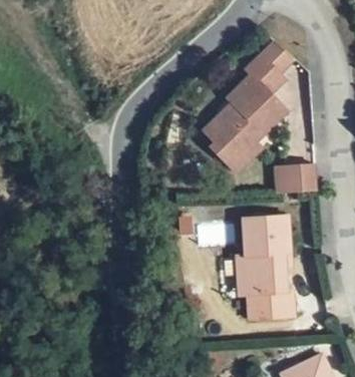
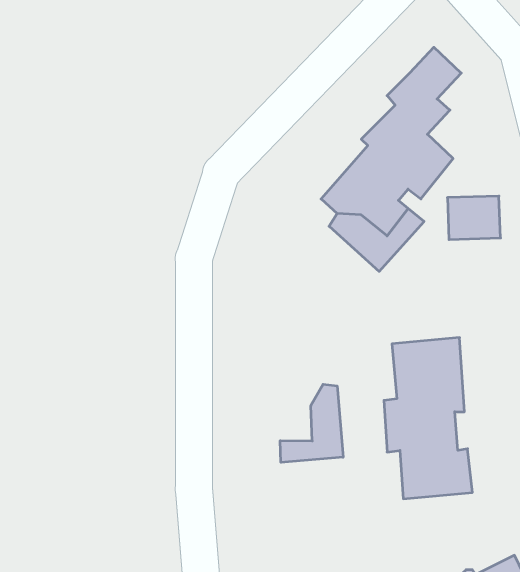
building: [280,163,313,191] -> [447,196,501,240]
building: none -> [280,384,343,462]

